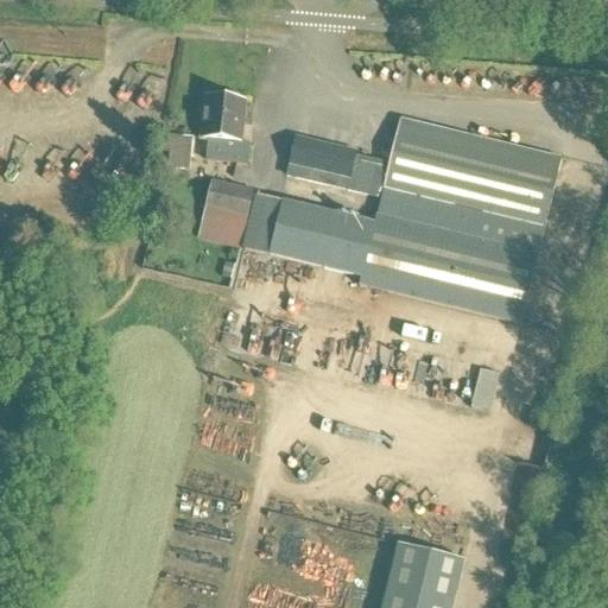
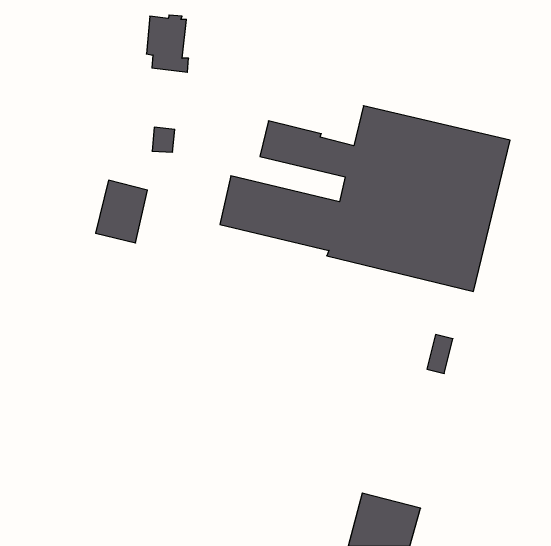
building: [201,93,247,156] -> [146,15,189,72]
building: [197,178,254,247] -> [96,180,147,243]

